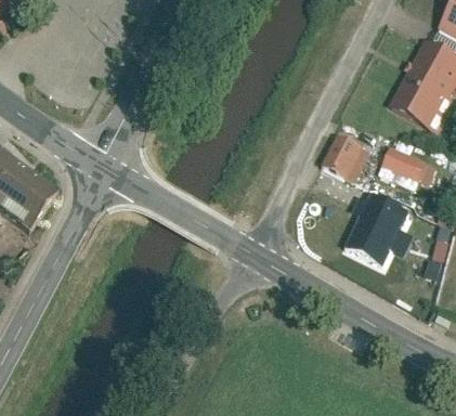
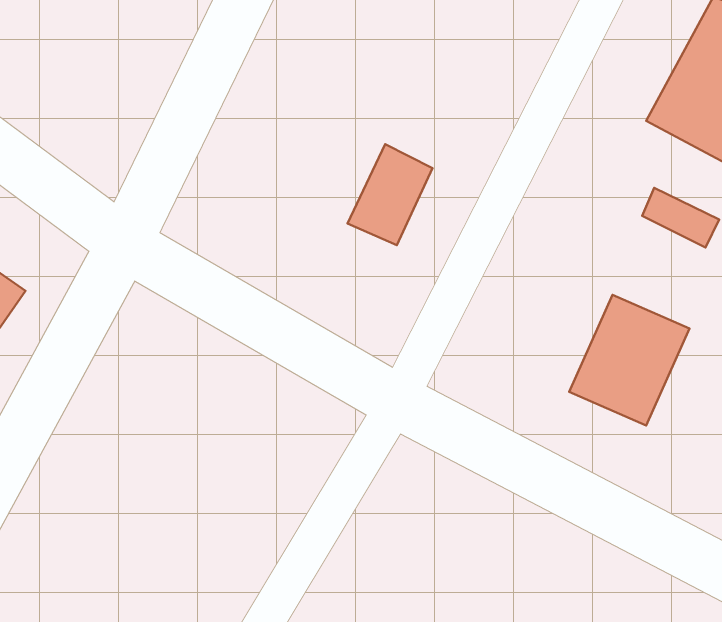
building: [320,130,366,185] -> [347,144,432,245]

